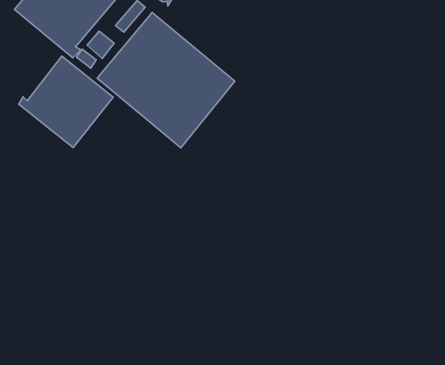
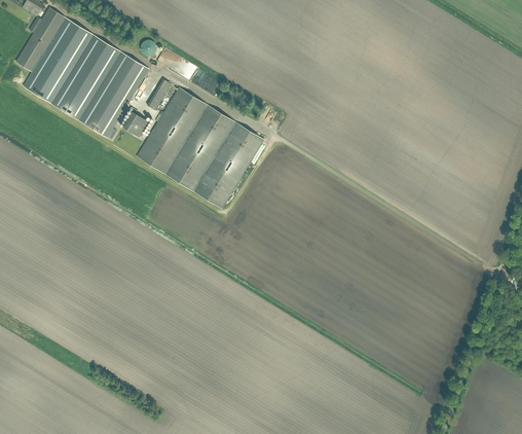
building: [19,56,113,147] -> none

